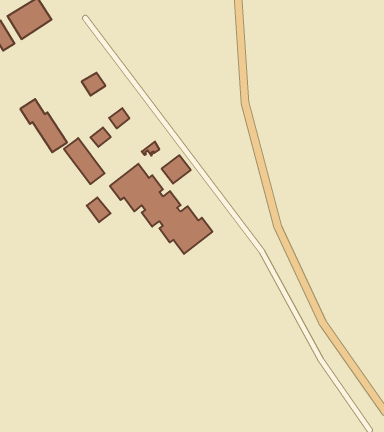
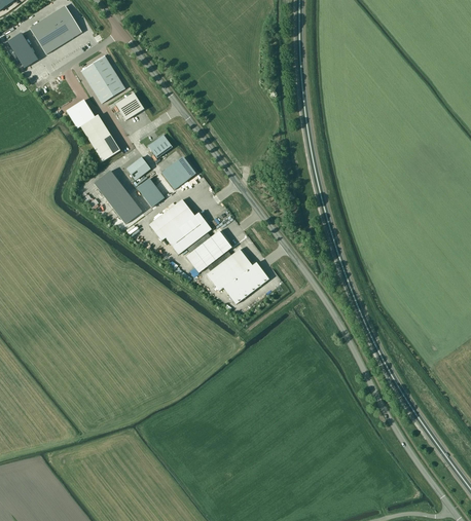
building: none -> [81,53,123,102]
building: [20,99,67,152] -> [65,99,119,160]
building: [162,155,191,184] -> [160,155,194,188]
building: [87,197,111,222] -> [136,178,164,207]

